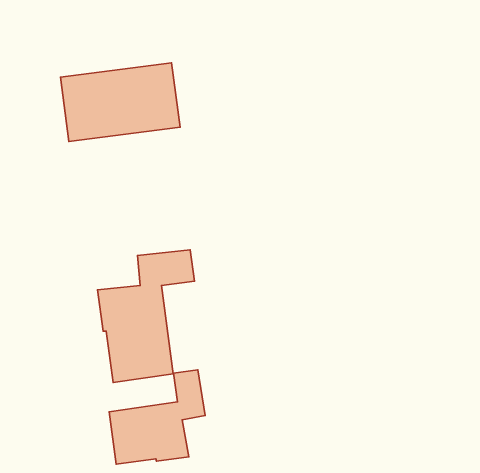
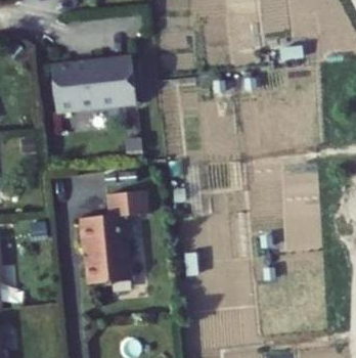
building: [109,370,205,464] -> none

